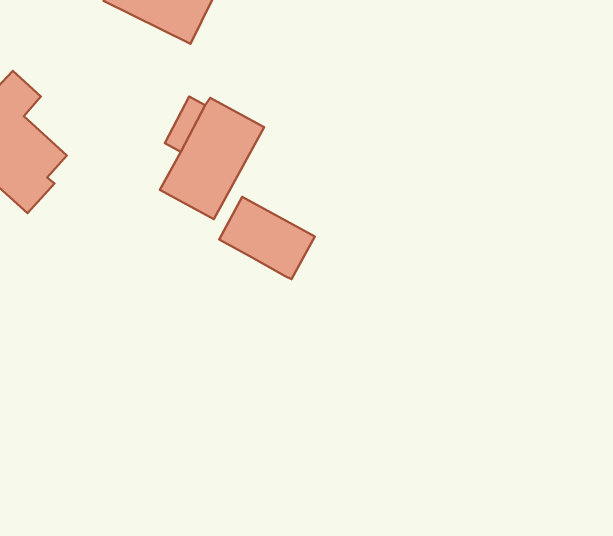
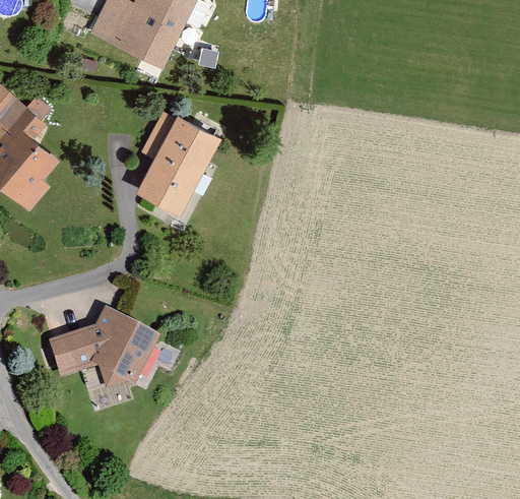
building: [219,197,315,279] -> none
building: none -> [46,305,157,385]

